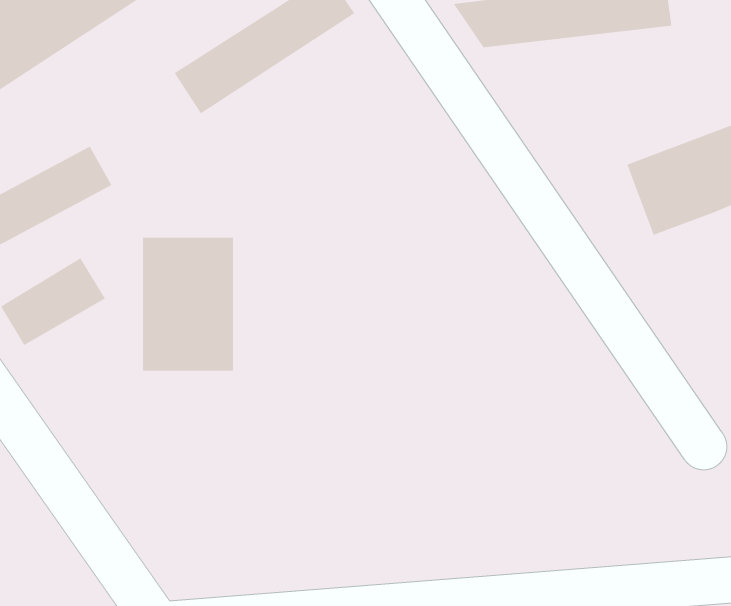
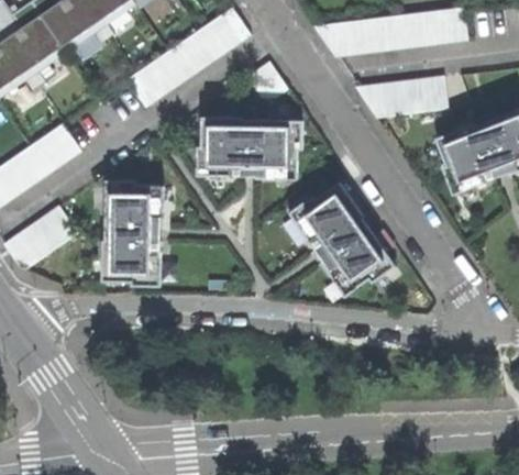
building: none -> [361,77,453,118]
building: none -> [207,123,305,174]
building: none -> [292,191,386,292]

